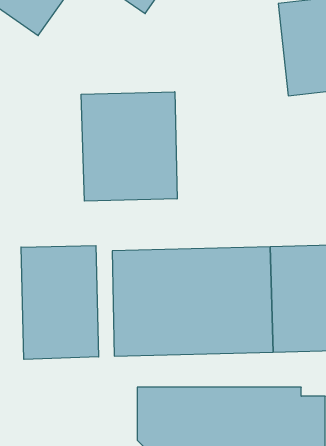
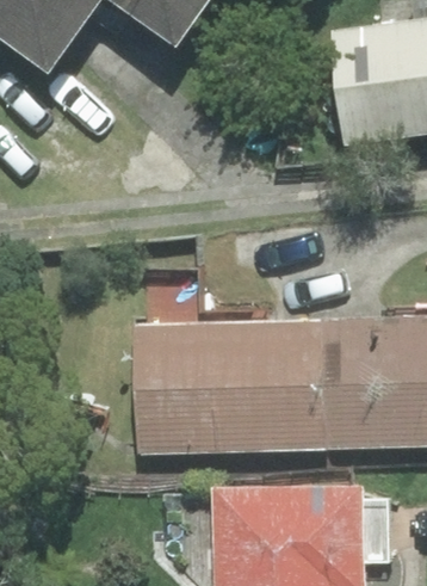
building: [81,92,177,201] -> none
building: [21,246,99,359] -> none

